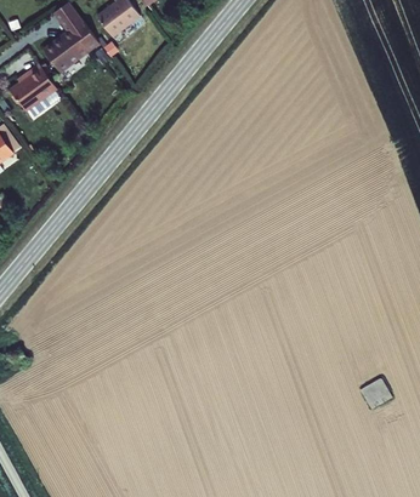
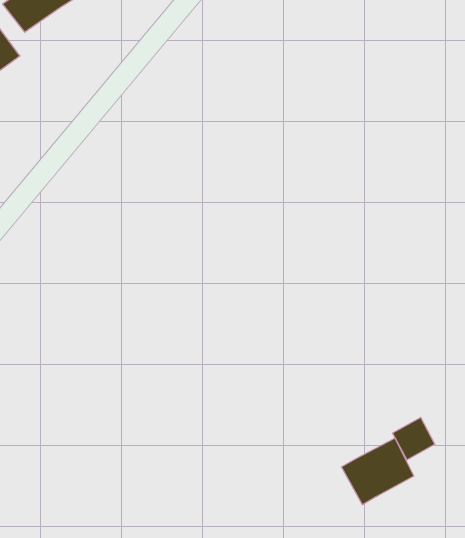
building: none -> [342,438,414,505]

